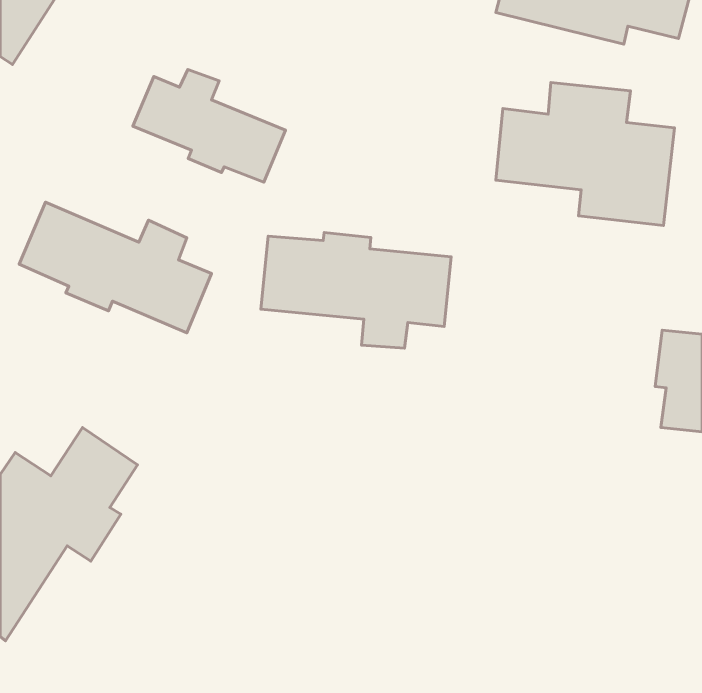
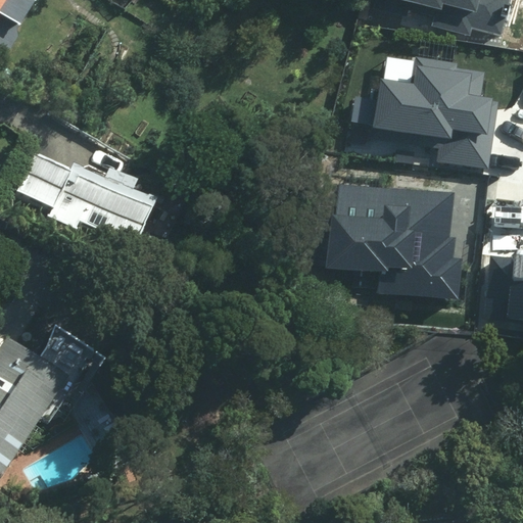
building: [133,69,285,182] -> none
building: [261,233,451,348] -> none
building: none -> [331,174,462,291]

